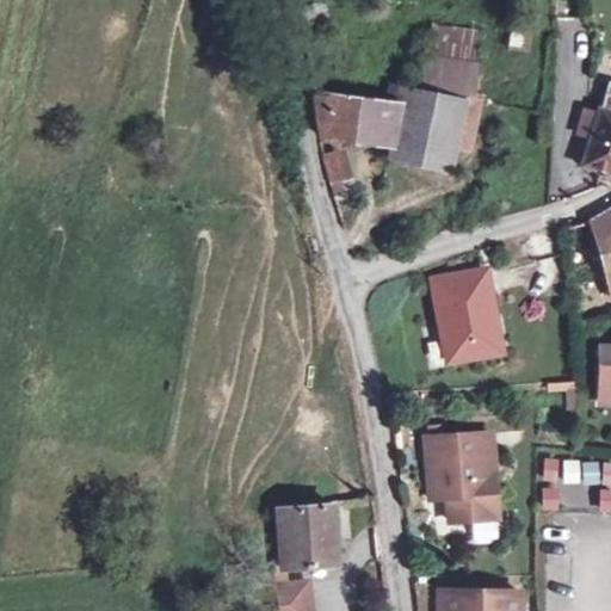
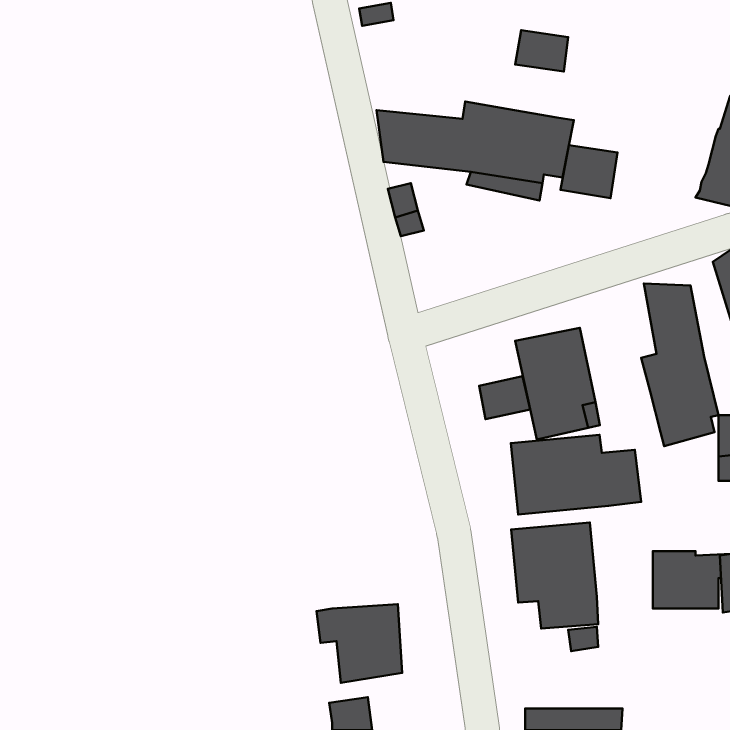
building: [424,54,471,98] -> [560,145,618,198]
building: none -> [641,284,719,446]
building: none -> [479,376,530,419]
building: none -> [511,435,641,515]

